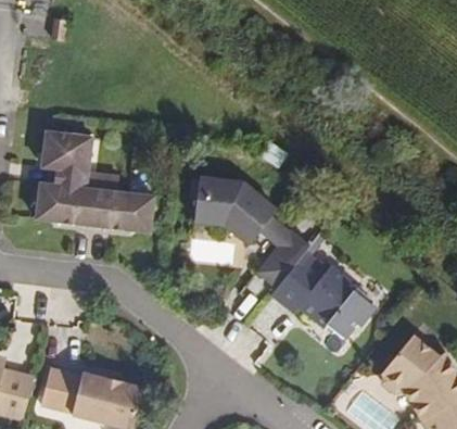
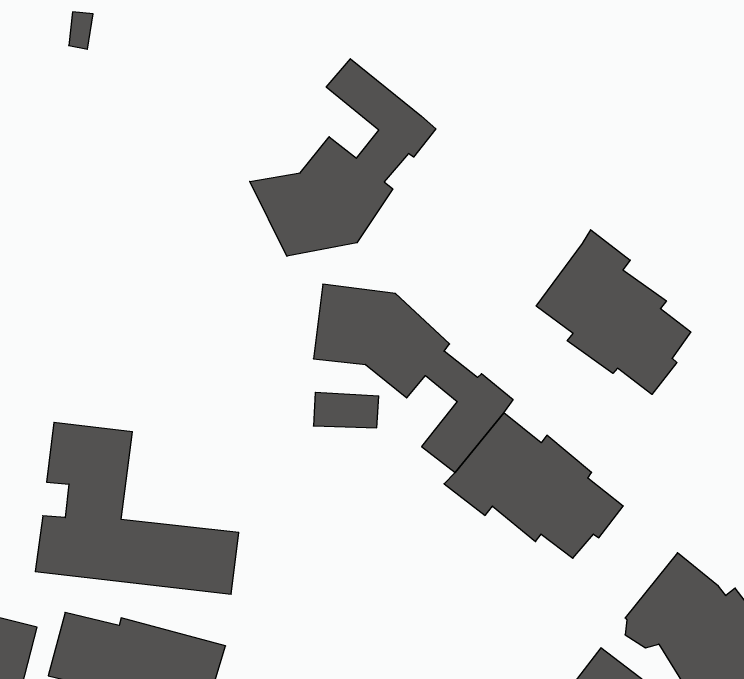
building: none -> [250,59,436,256]
building: [35,130,153,230] -> [35,422,239,594]
building: none -> [536,230,691,394]

